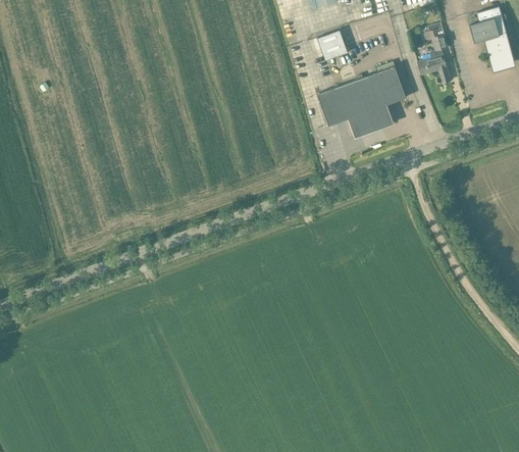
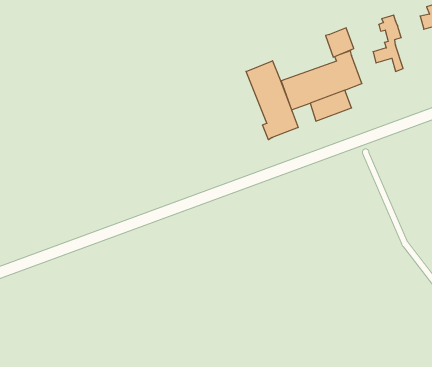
building: [317,31,348,62] -> [326,28,354,57]
building: none -> [246,61,298,140]

